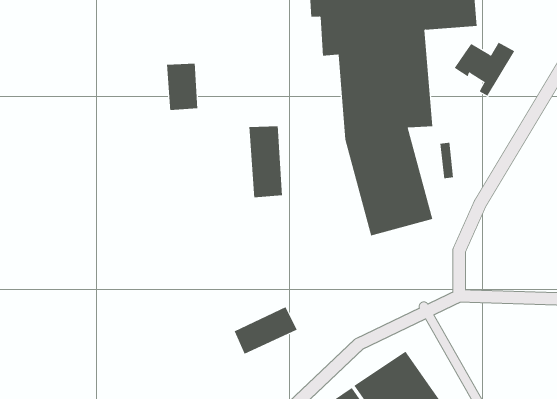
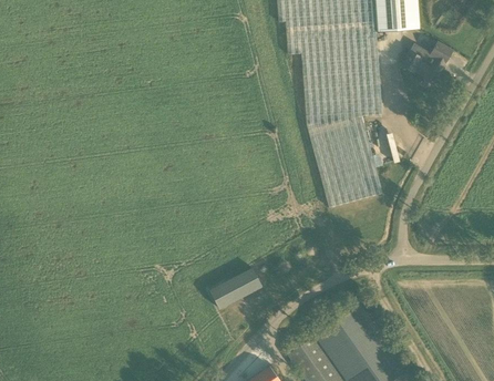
building: [167,63,198,111] -> none
building: [249,125,282,198] -> none

